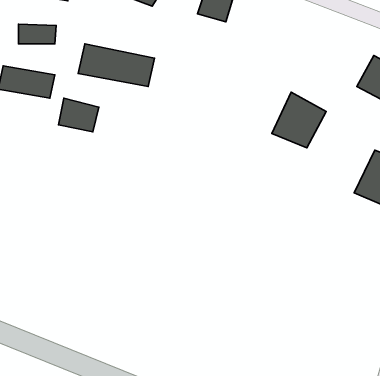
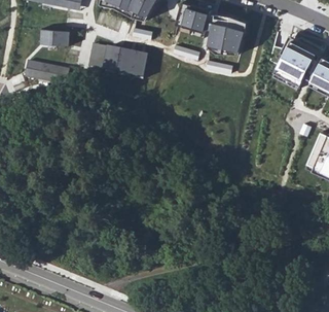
building: none -> [206,20,244,49]
building: [272,92,326,148] -> [273,37,317,81]
building: [58,98,99,132] -> none

